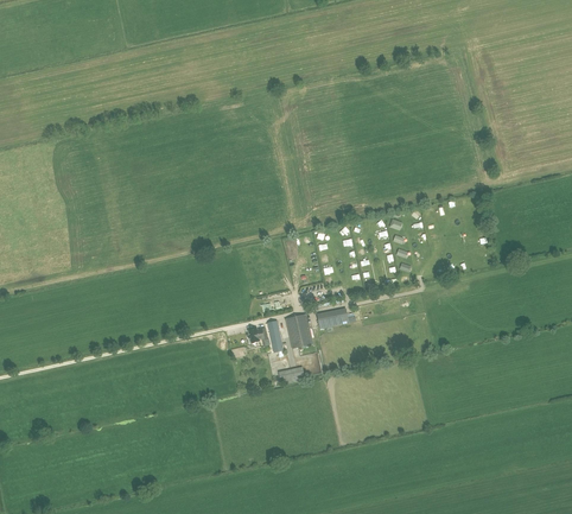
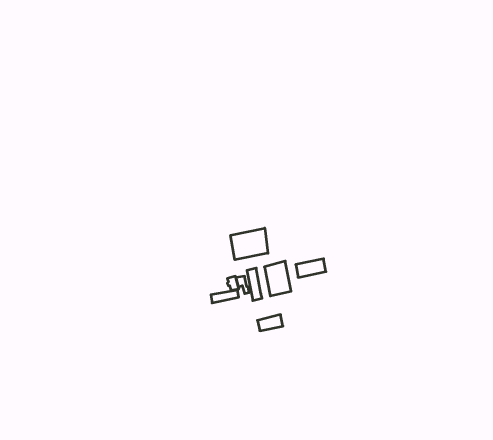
building: none -> [231,228,268,260]

